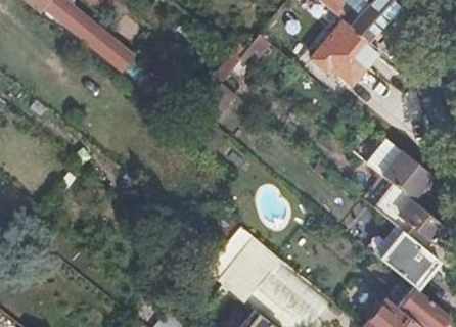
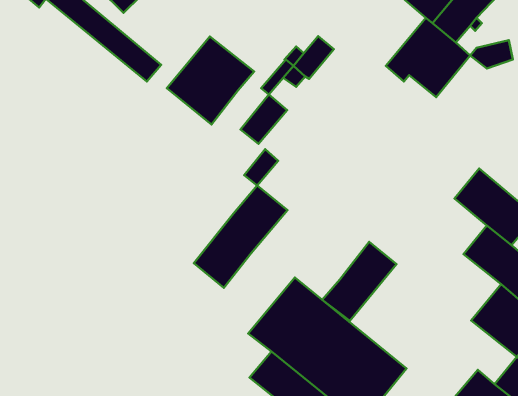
building: none -> [167,37,254,125]
building: none -> [194,185,287,288]
building: none -> [322,242,397,321]

